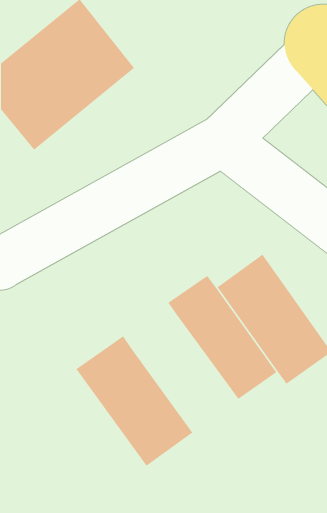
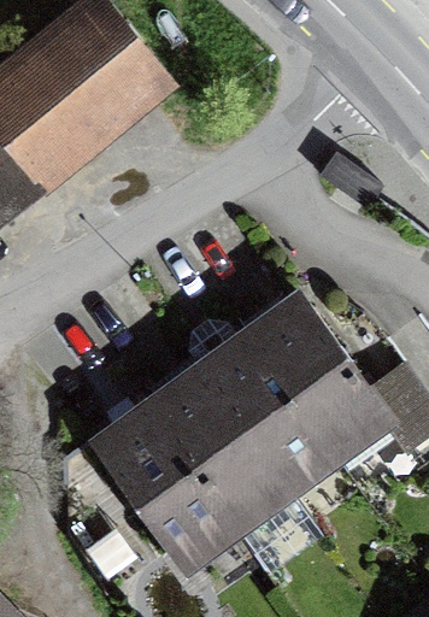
building: none -> [155,380,292,531]

